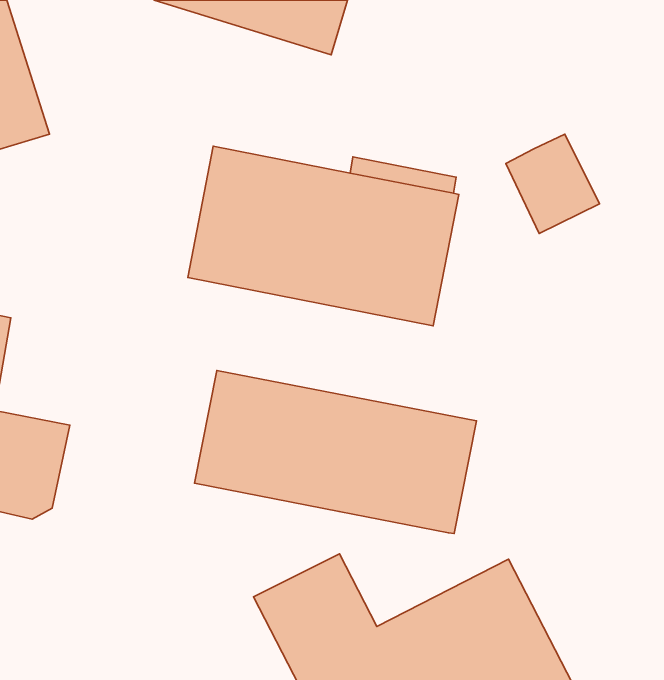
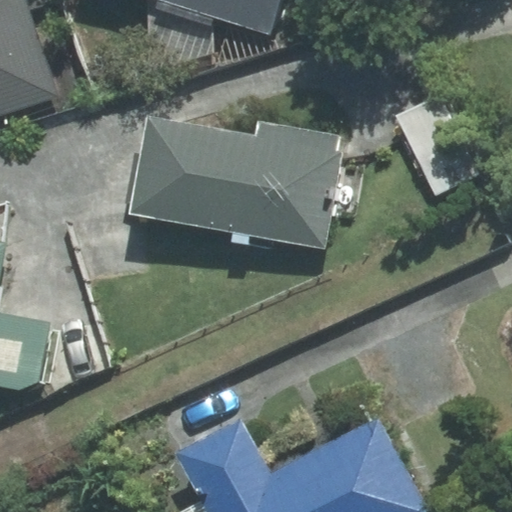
building: [195,370,476,534] -> none

